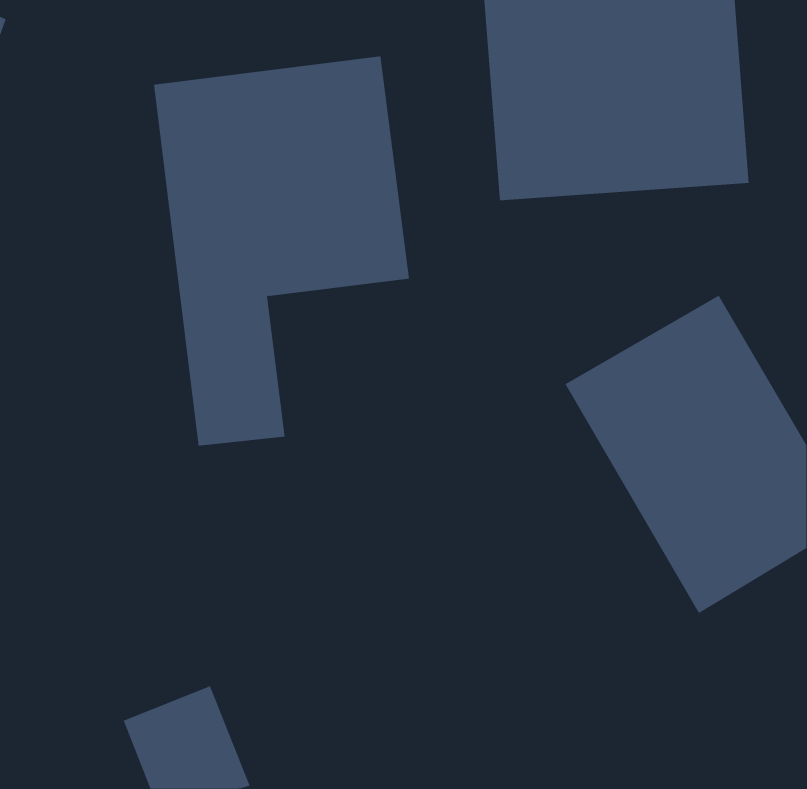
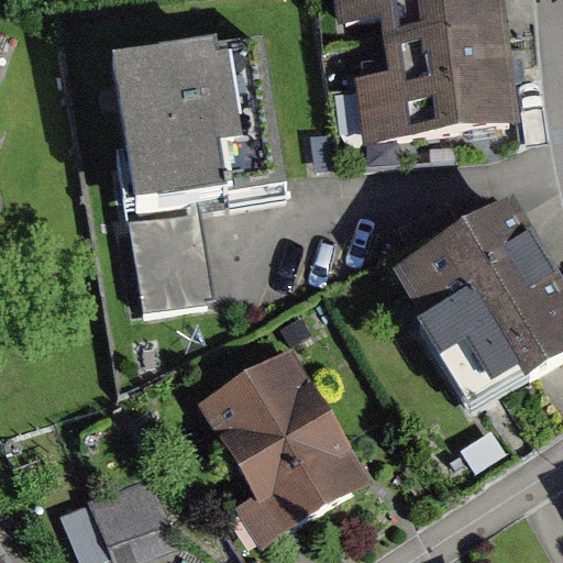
building: none -> [190,331,380,539]

